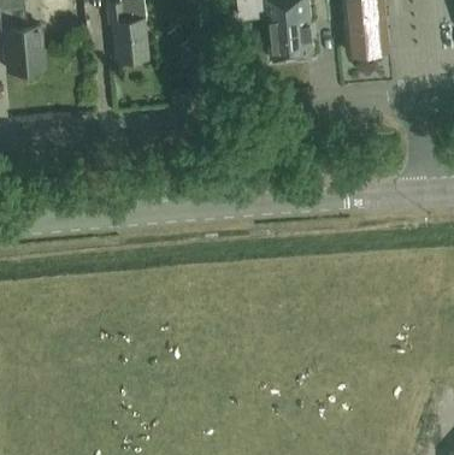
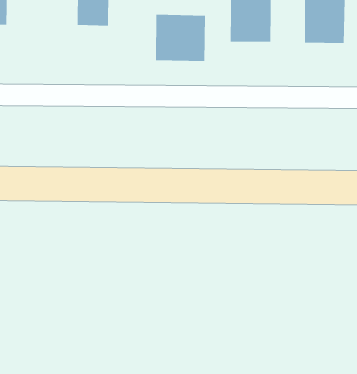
building: none -> [155,14,205,62]

